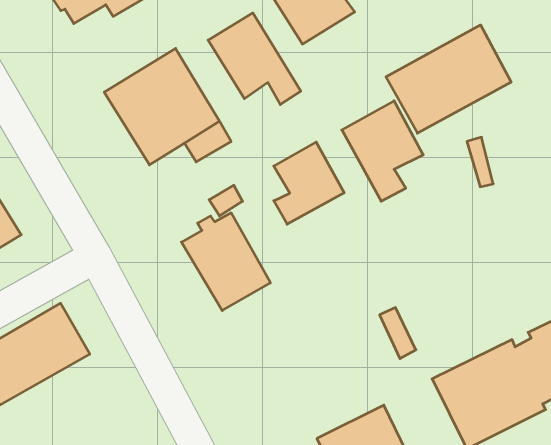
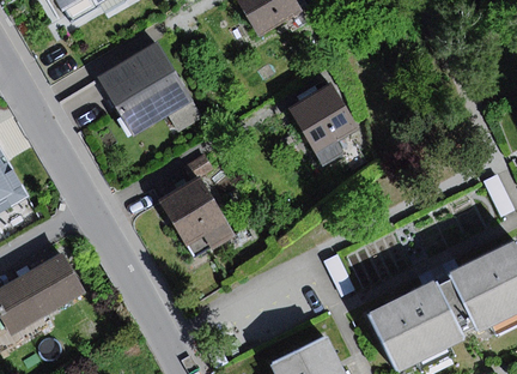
building: [208,13,301,105] -> none
building: [386,25,511,133] -> none
building: [274,142,344,224] -> none

